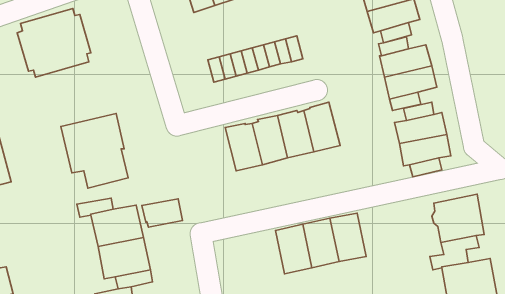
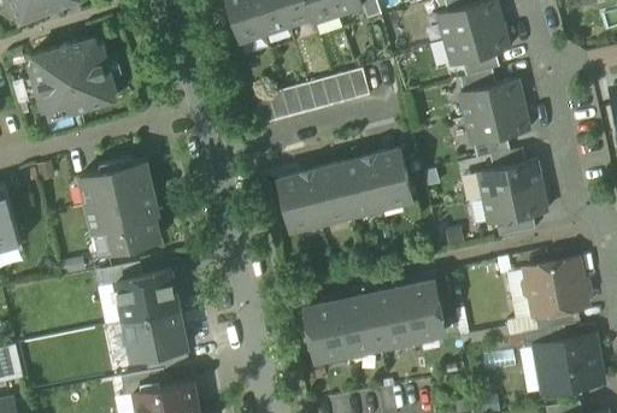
building: [142,199,183,227] -> none
building: none -> [304,302,347,360]

